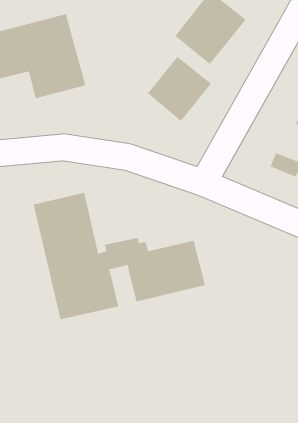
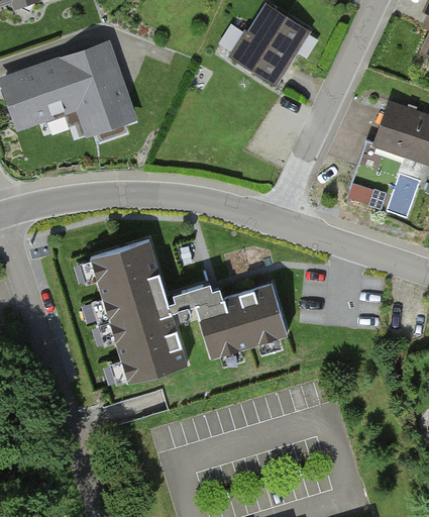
building: [147,56,212,122] -> none

